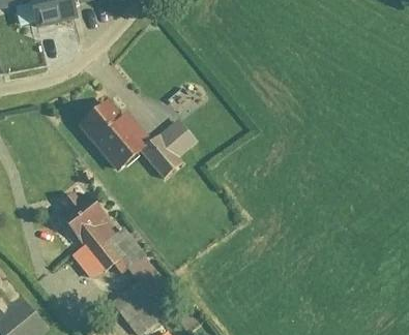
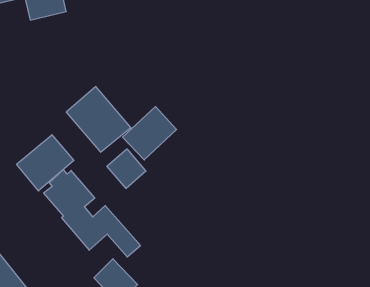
building: none -> [17,135,74,191]
building: none -> [107,149,146,188]

